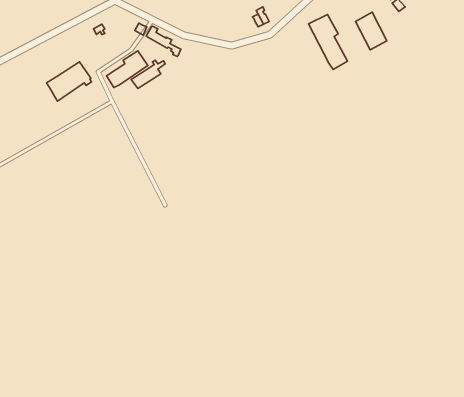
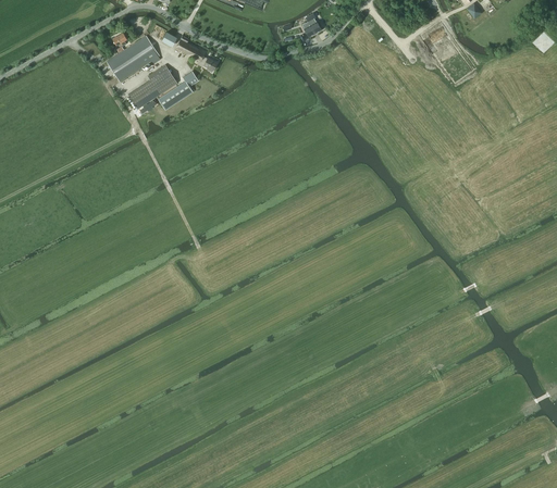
building: [309,14,348,70] -> none
building: [47,62,92,101] -> [107,35,160,82]

